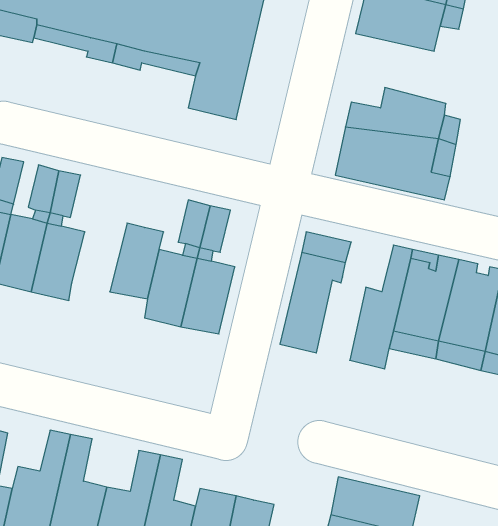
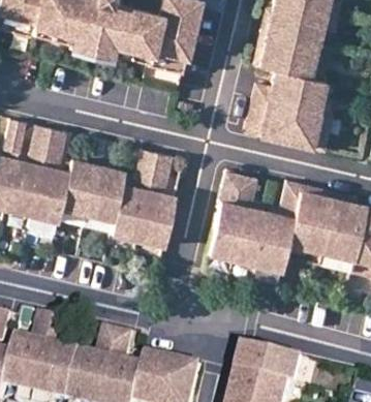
building: none -> [254,32,317,78]
building: none -> [60,160,99,215]
building: none -> [234,207,269,264]

